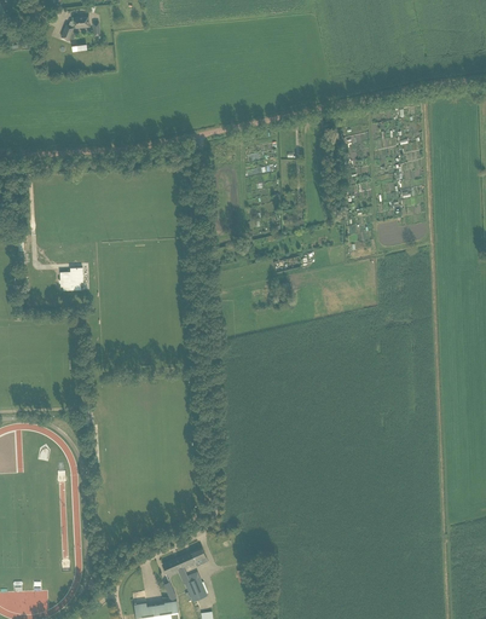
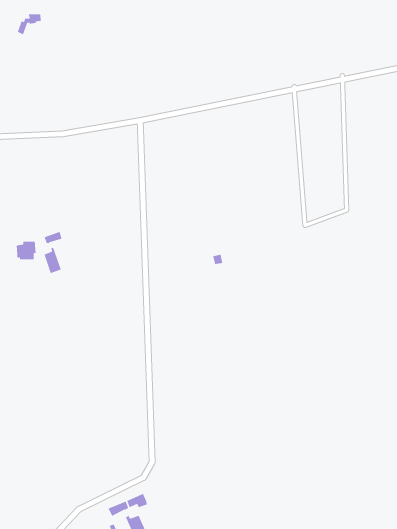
building: none -> [44,231,62,274]

